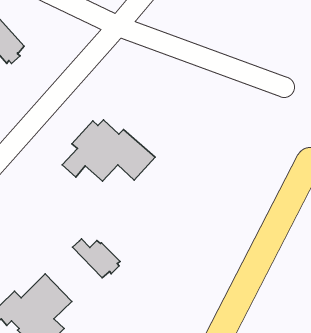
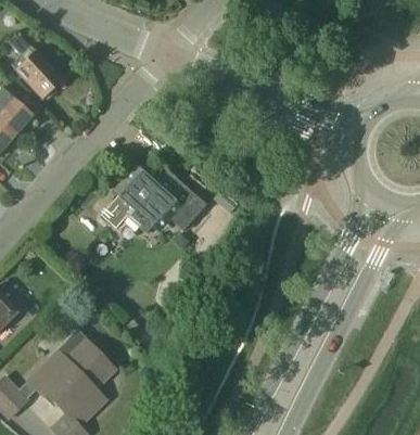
building: [72,239,120,278] -> none

